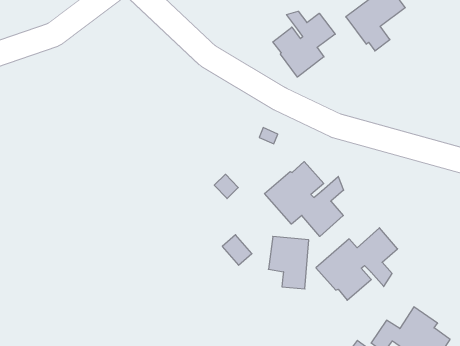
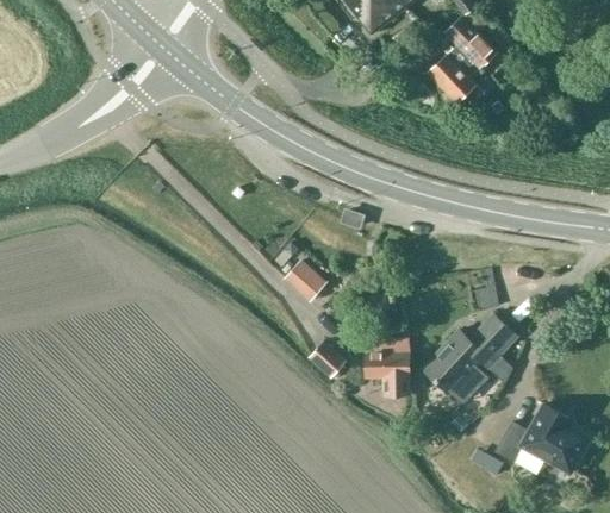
building: [273,11,335,77] -> none
building: [265,162,344,236] -> none

